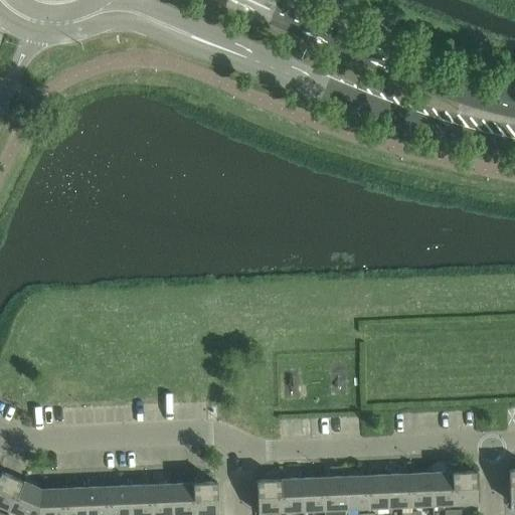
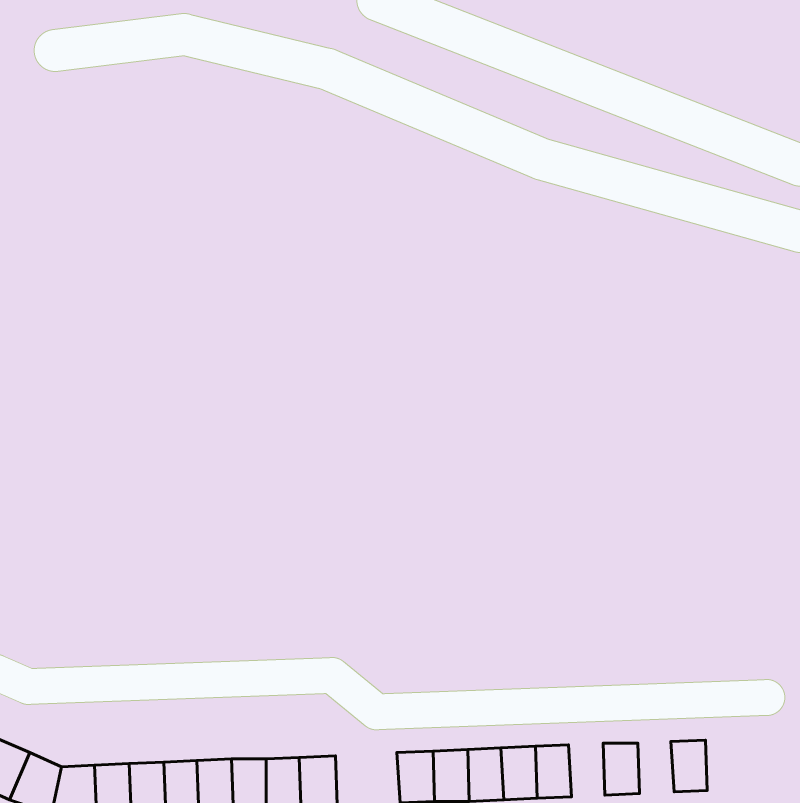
building: [451,473,475,506] -> none
building: [407,475,431,508] -> none
building: [363,476,386,510] -> none

